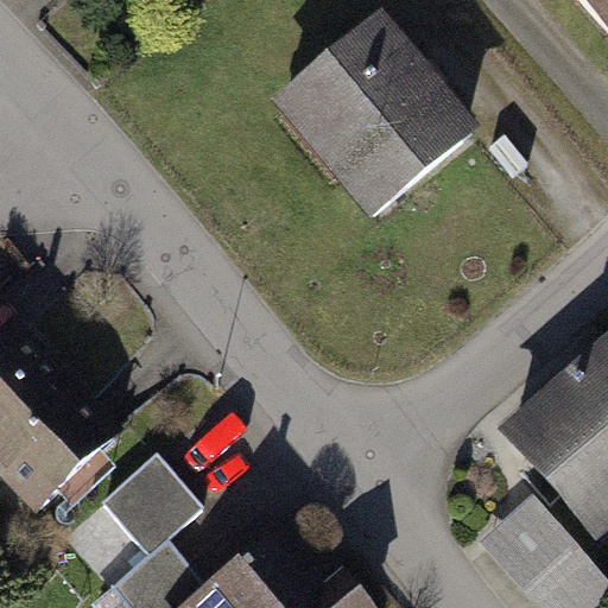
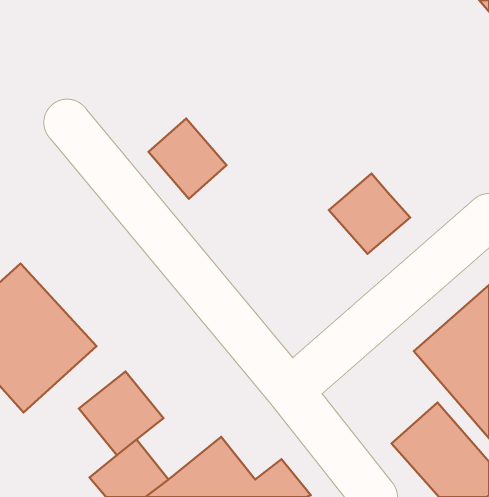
building: [277,19,482,226] -> none
building: none -> [148,118,227,199]
building: none -> [329,174,410,254]

